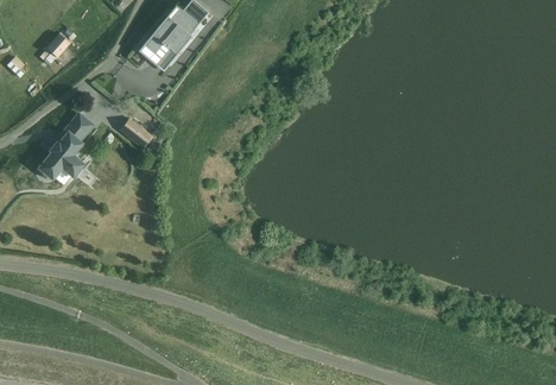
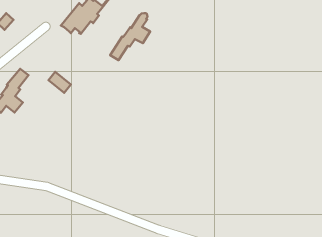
building: none -> [110,13,150,60]

